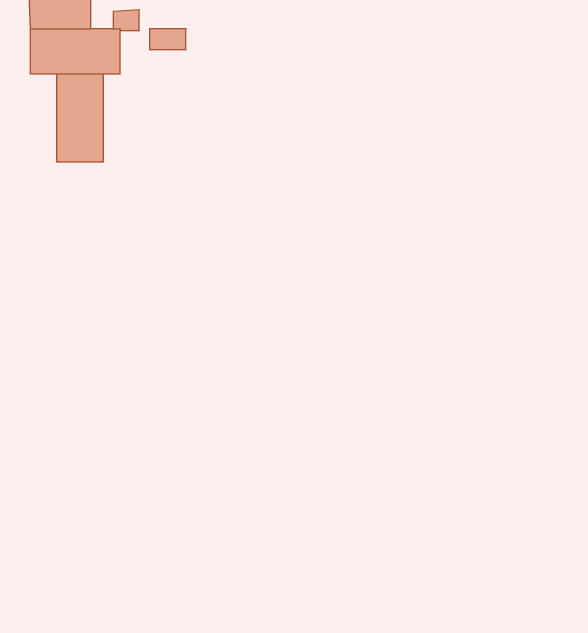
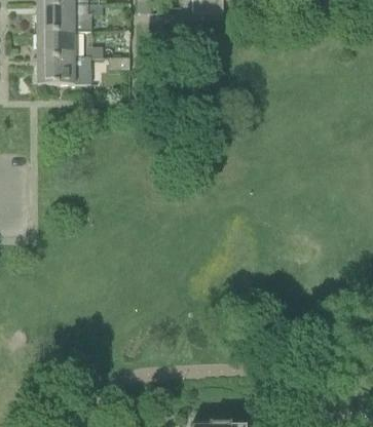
building: [57,74,103,162] -> none

